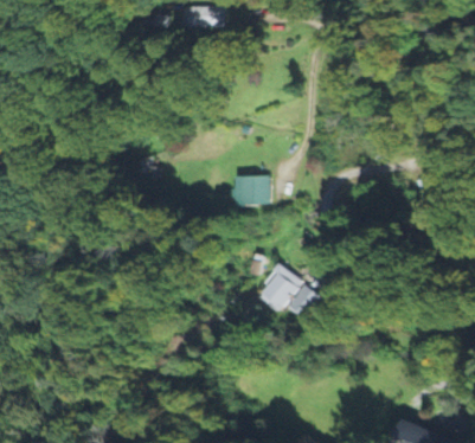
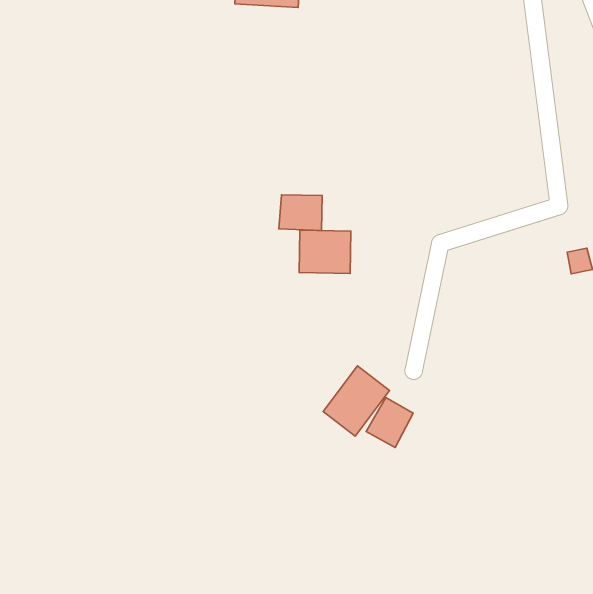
building: none -> [279,195,322,231]

